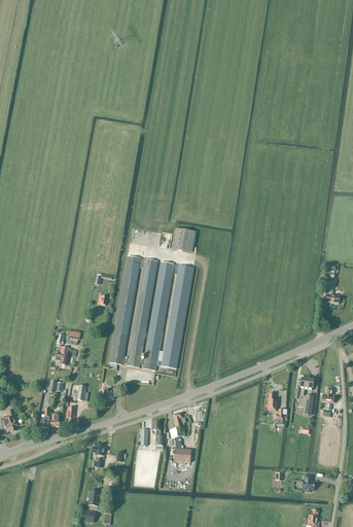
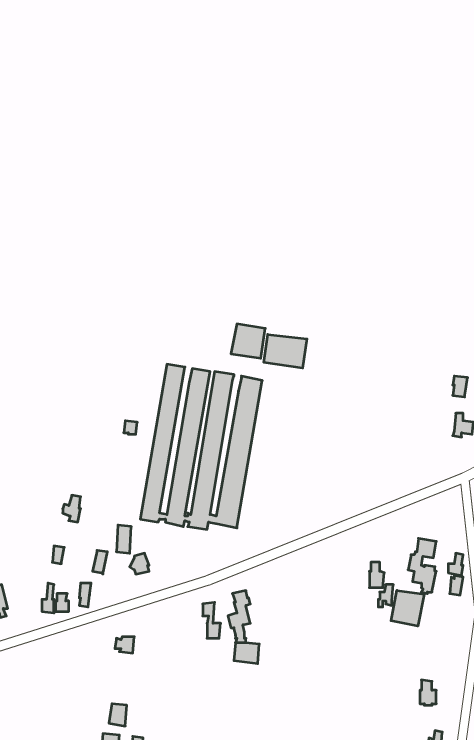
building: none -> [264,334,307,368]
building: none -> [391,590,424,626]

